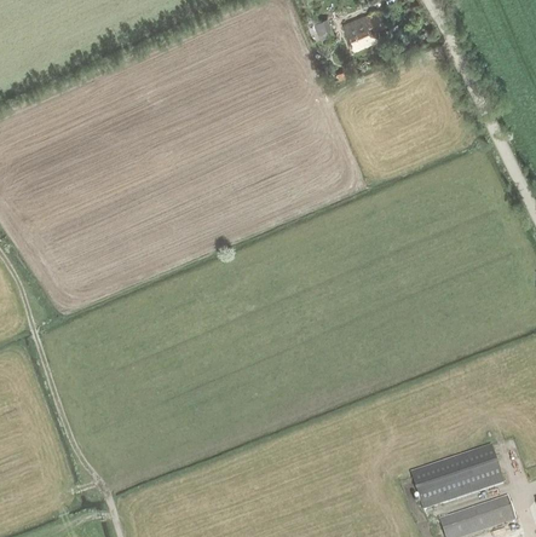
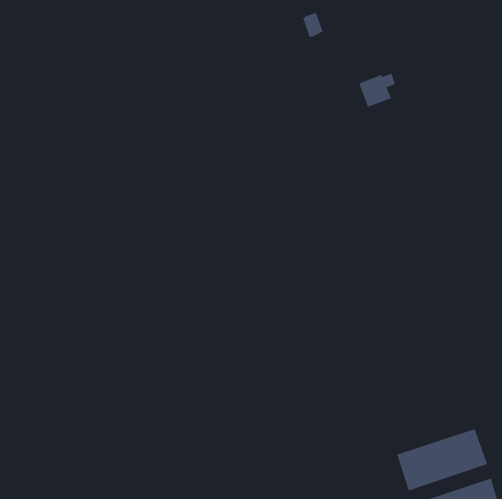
building: [342,12,381,48] -> [358,73,396,108]

